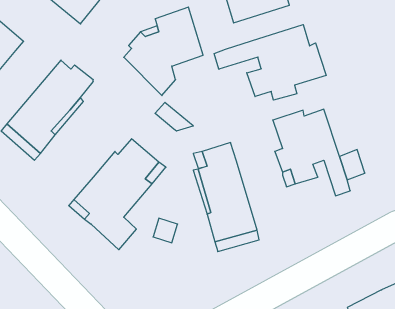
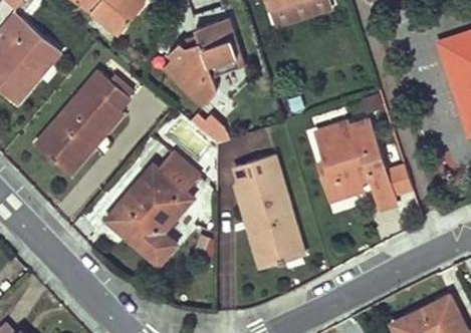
building: [214,25,326,100] -> none

